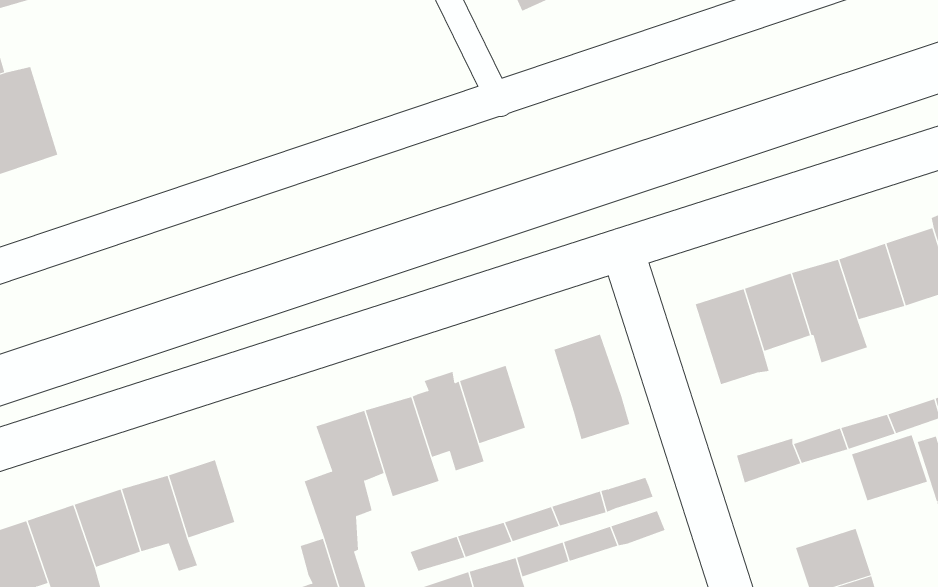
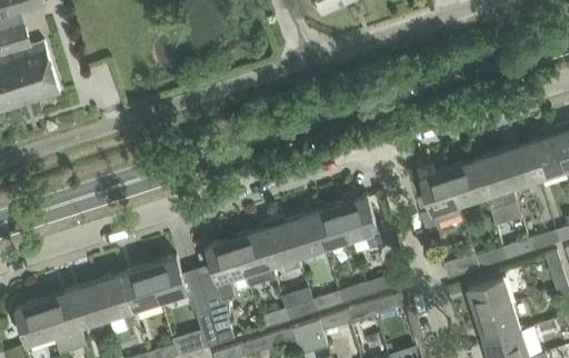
building: none -> [312,203,350,248]
building: [851,435,928,501] -> [467,278,510,316]
building: none -> [148,257,187,301]

